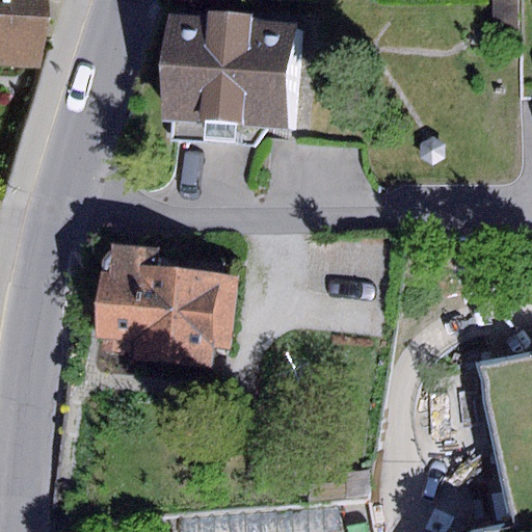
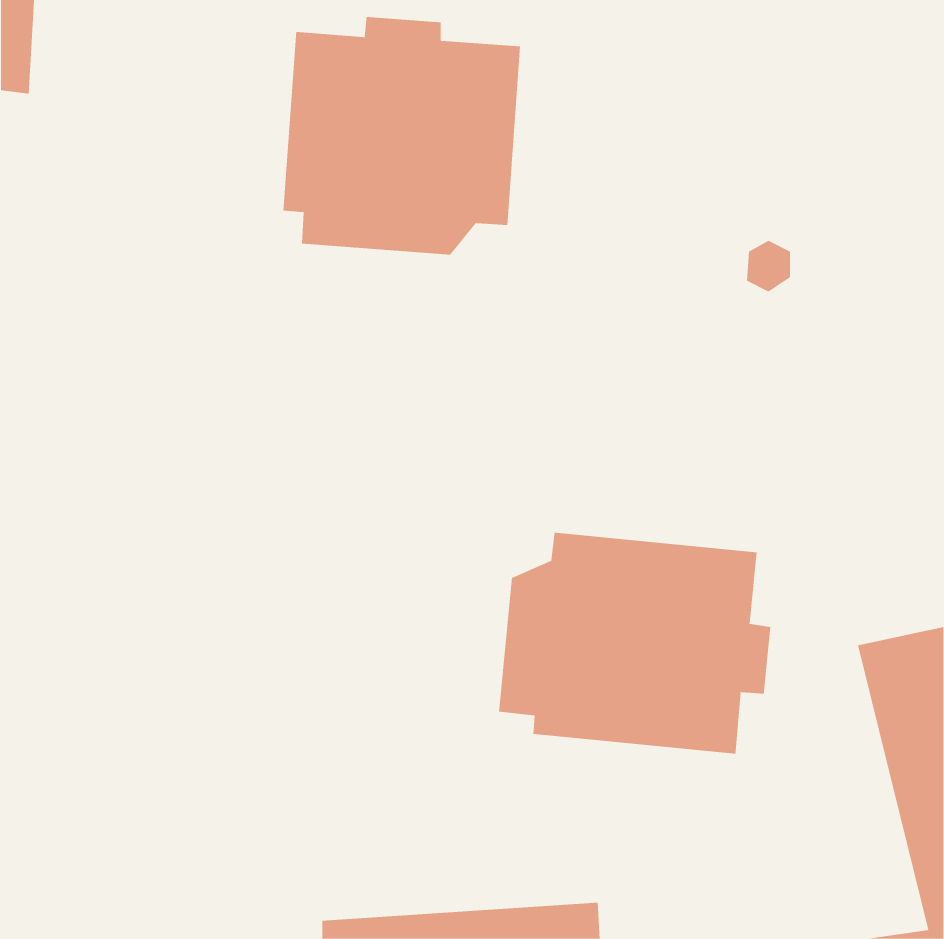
building: [94,243,238,366] -> none
building: none -> [499,532,771,754]

